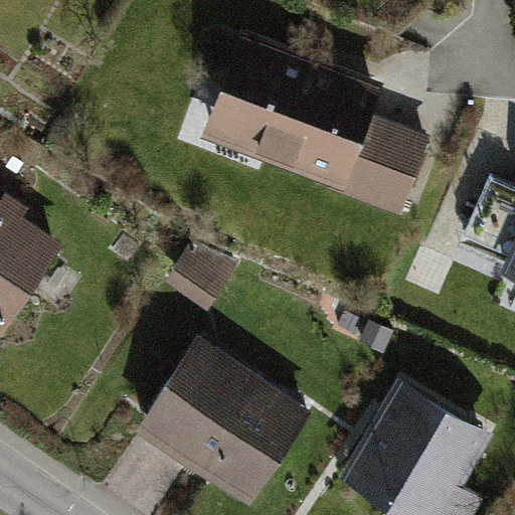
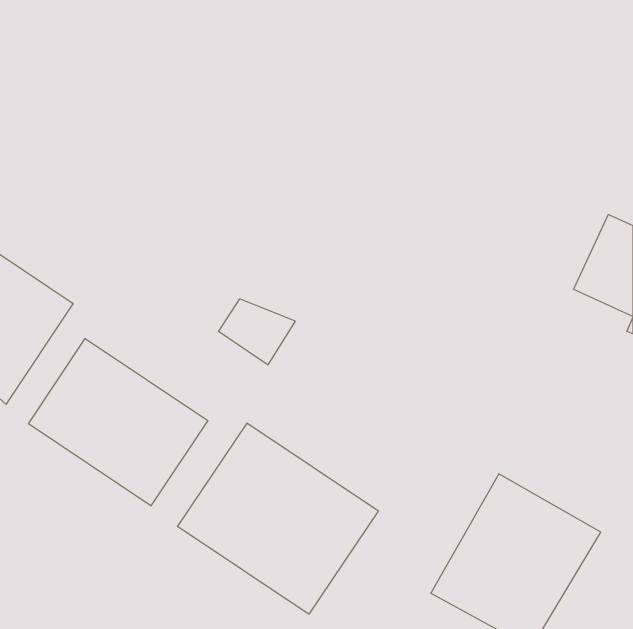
building: [215,42,422,204] -> none
building: none -> [28,338,208,506]

